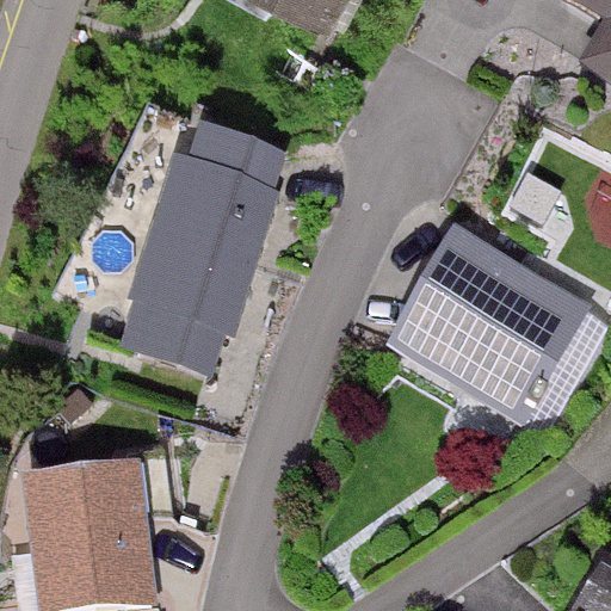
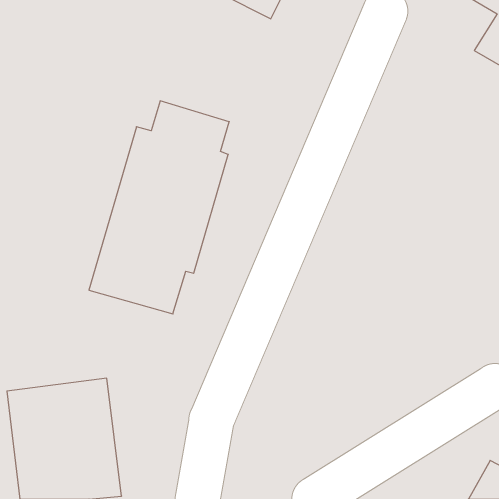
building: [385,233,604,428] -> none

